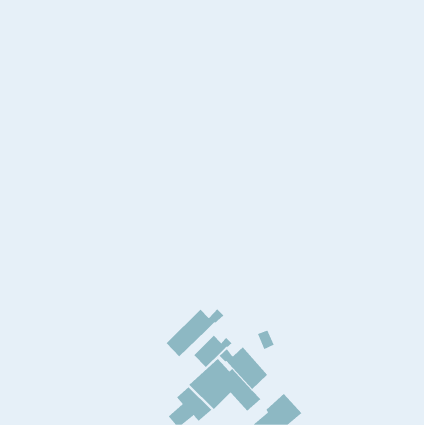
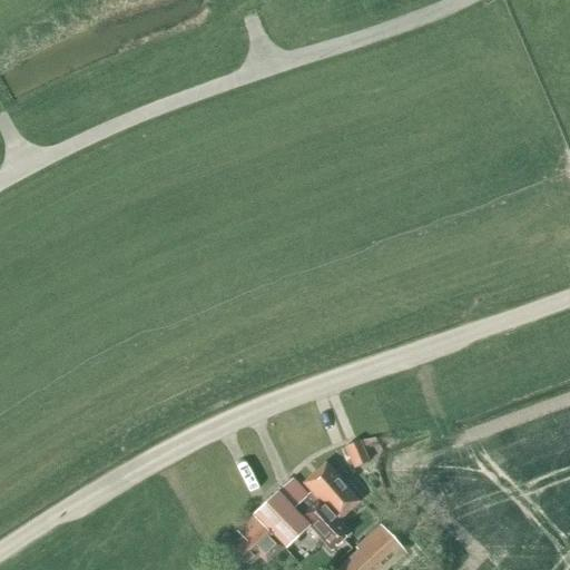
building: [166,308,224,357] -> none
building: [194,335,232,368] -> none

